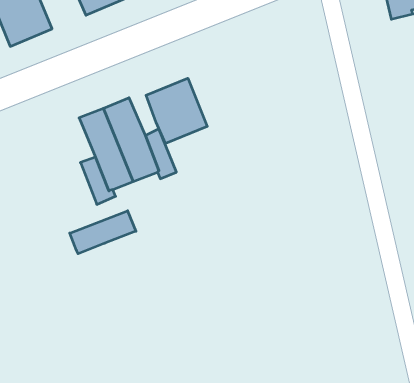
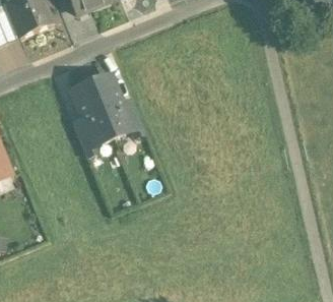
building: [146,78,207,143] -> none
building: [70,211,136,254] -> none

